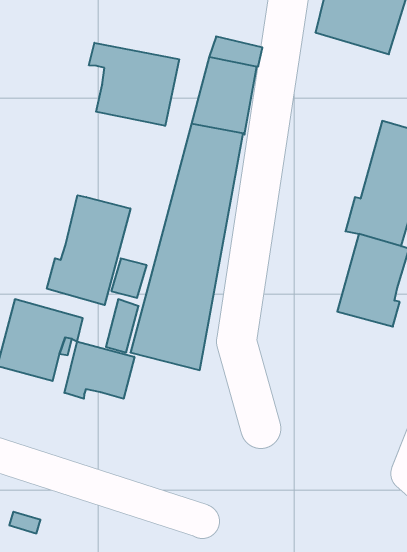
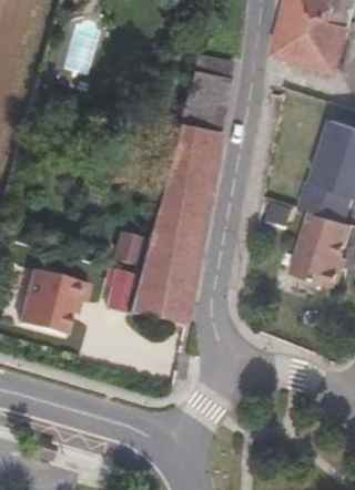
building: [89,43,179,126] -> none
building: [47,195,130,305] -> none
building: [64,341,134,399] -> none

